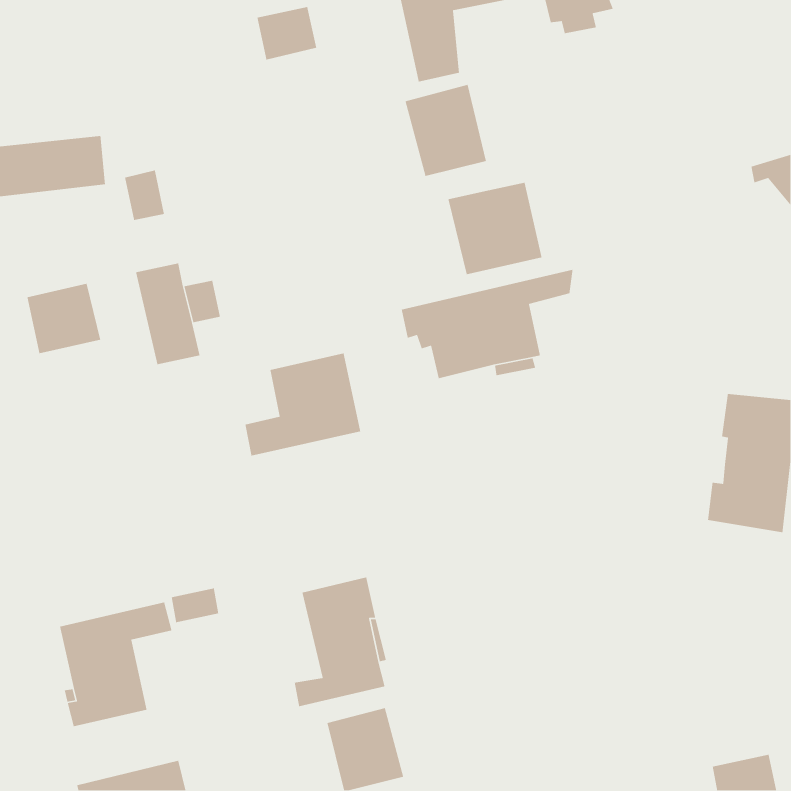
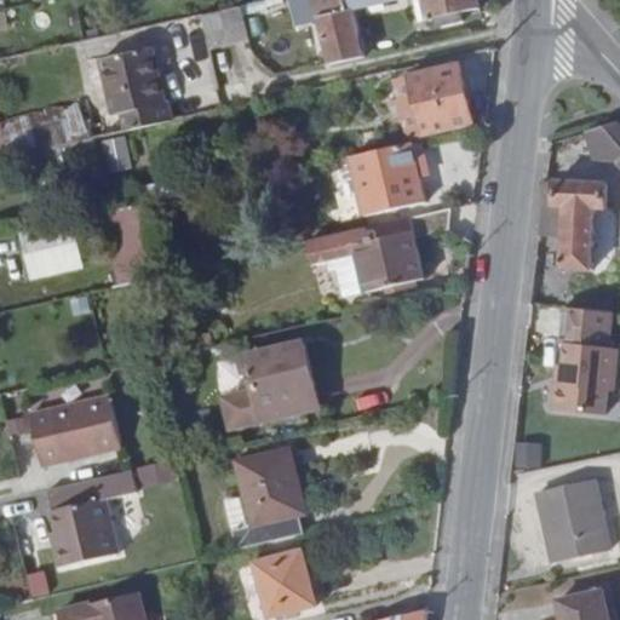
building: none -> [108,47,178,128]
building: [405,84,487,177] -> [406,62,470,134]
building: none -> [541,177,607,269]
building: [245,353,361,457] -> [223,343,314,424]
building: none -> [22,395,114,465]
building: none -> [536,478,607,559]

